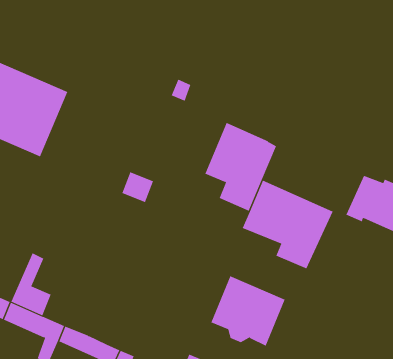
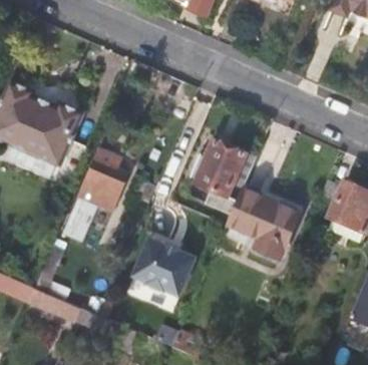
building: none -> [60,156,127,243]
building: [211,275,285,347] -> [132,237,195,296]

